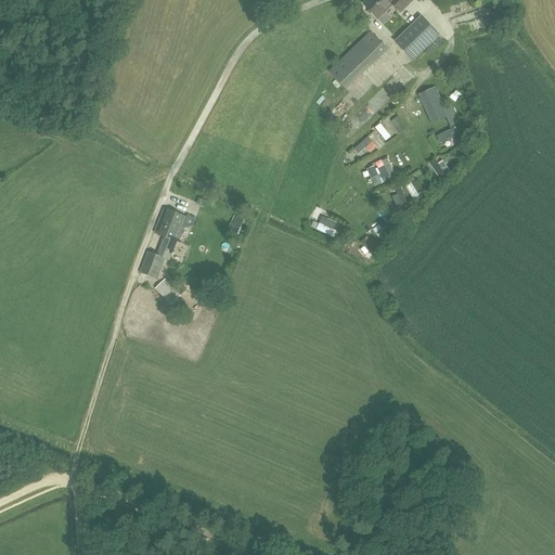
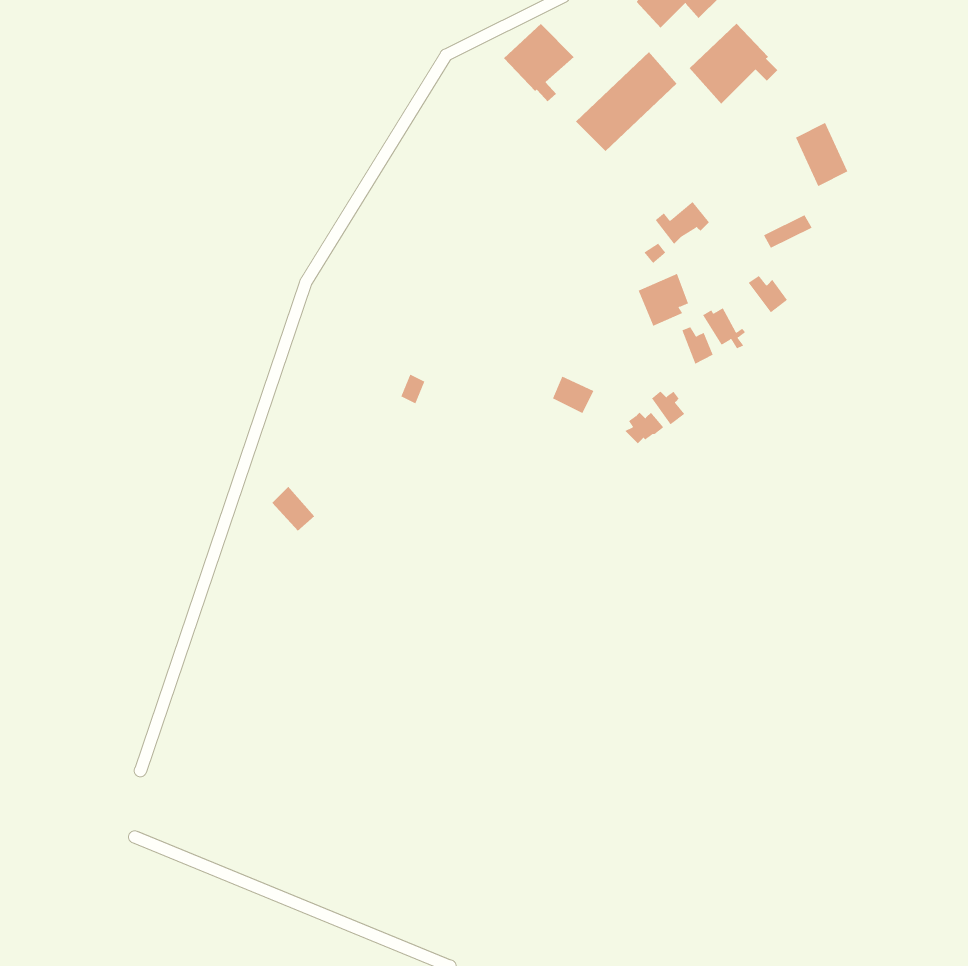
building: none -> [503,23,574,102]
building: [417,85,448,121] -> [795,122,848,187]
building: [140,207,184,276] -> none

